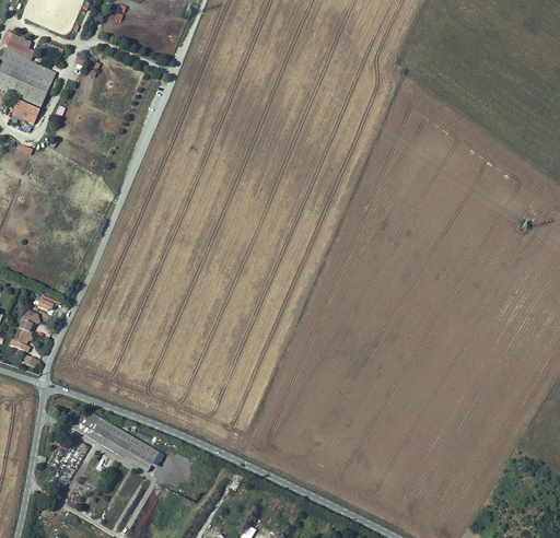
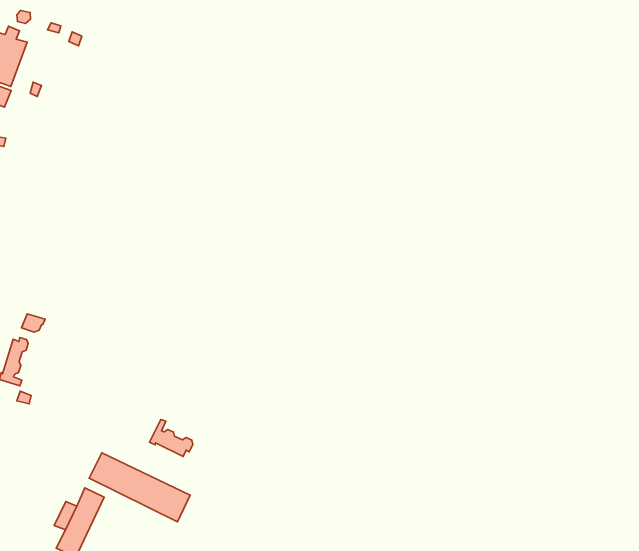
building: none -> [150,419,193,457]

